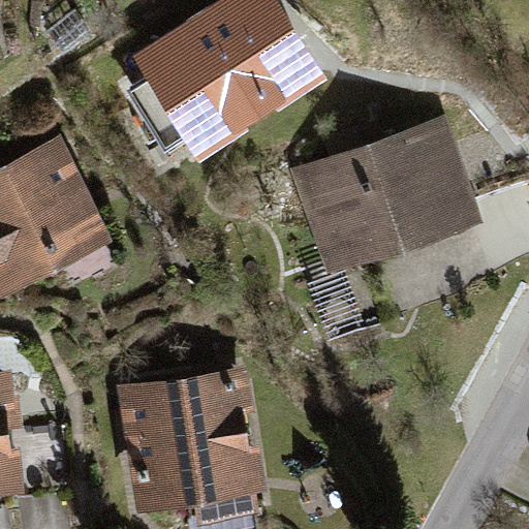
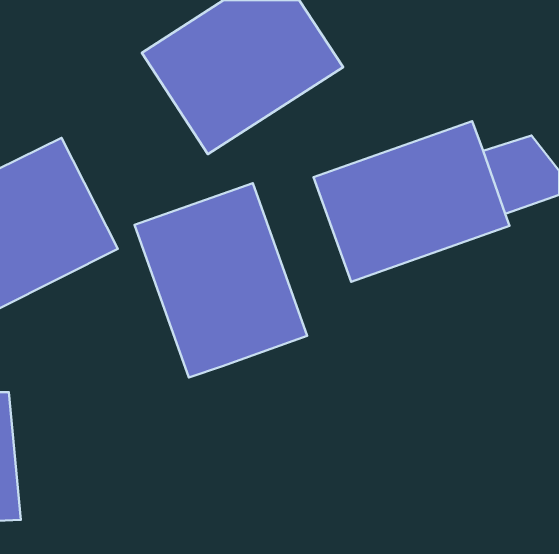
building: none -> [135,183,307,378]
building: [117,370,263,523] -> none

